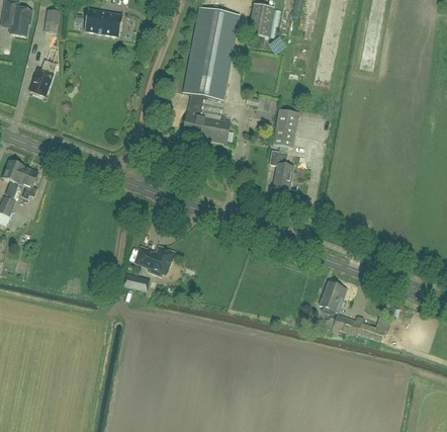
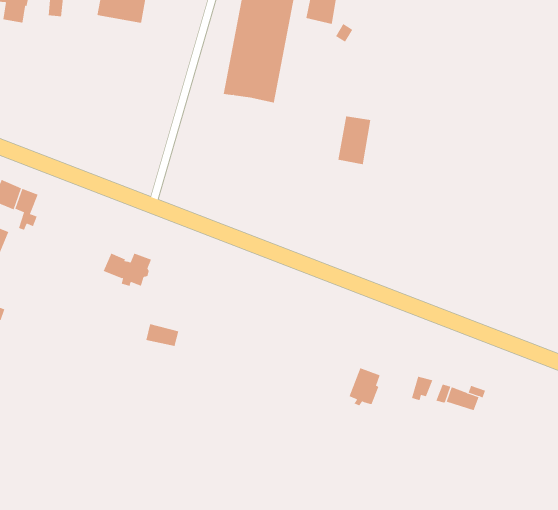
building: [30,59,57,96] -> none
building: [183,93,230,142] -> none
building: [269,150,293,189] -> none
building: [136,247,174,273] -> [103,253,152,286]
building: [320,281,345,312] -> [348,367,381,406]

